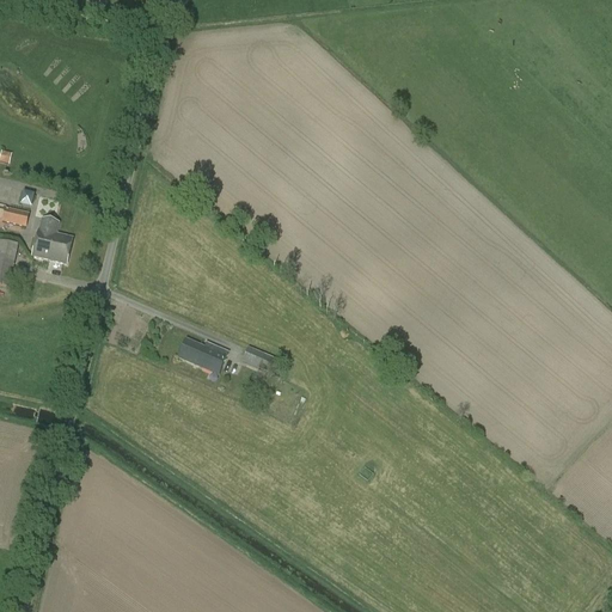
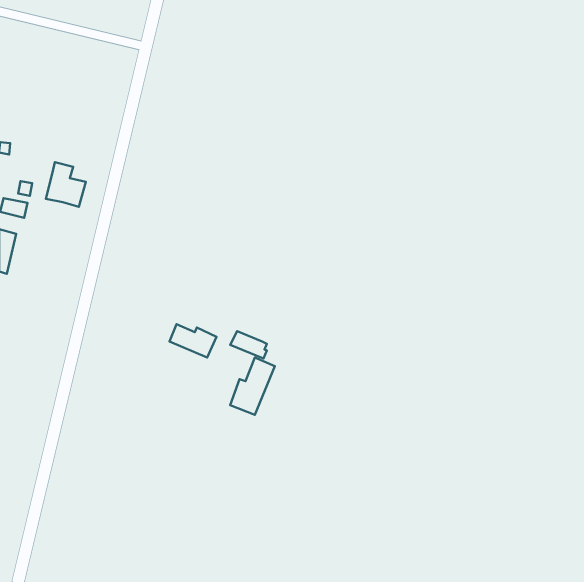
building: [30,216,72,263] -> [46,162,86,207]
building: none -> [230,357,275,415]

